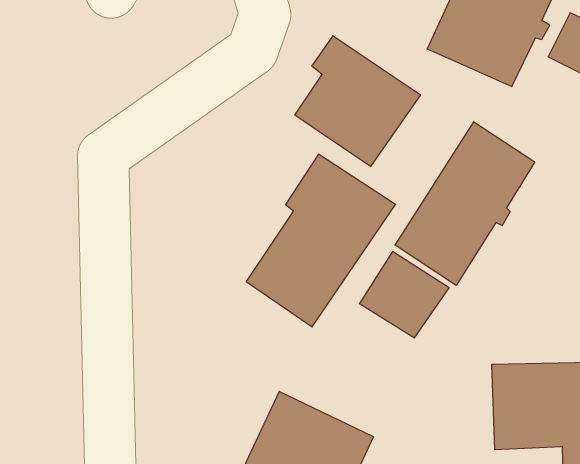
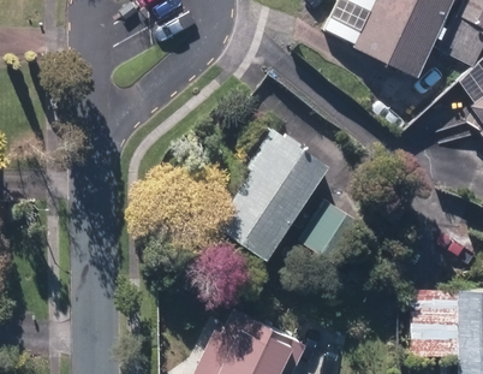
building: [295,36,420,167] -> none
building: [395,122,535,285] -> none

